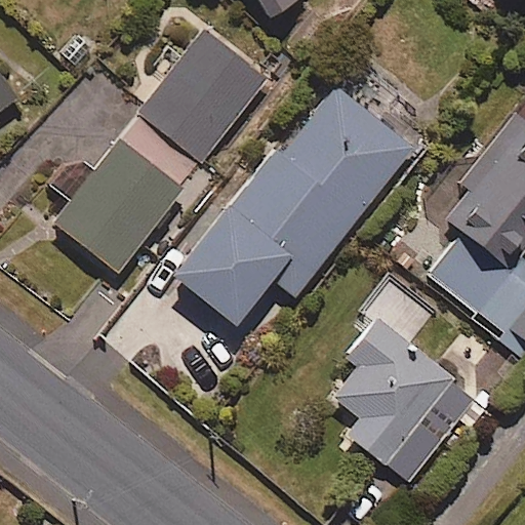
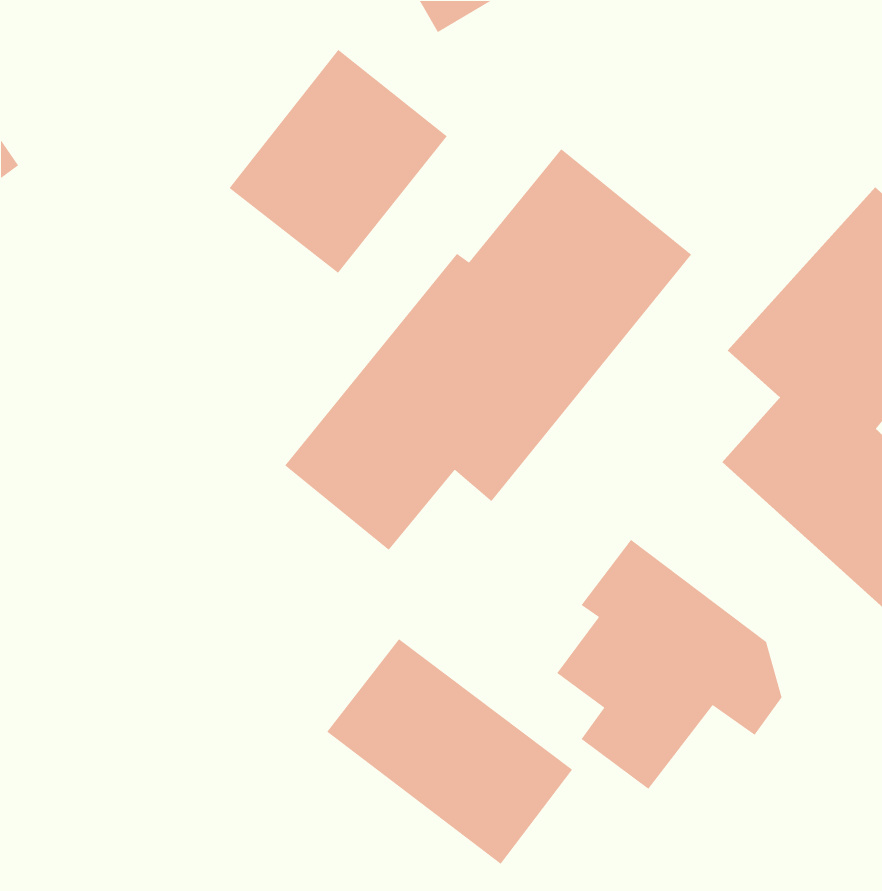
building: [53,115,221,272] -> none
building: none -> [326,638,573,865]

